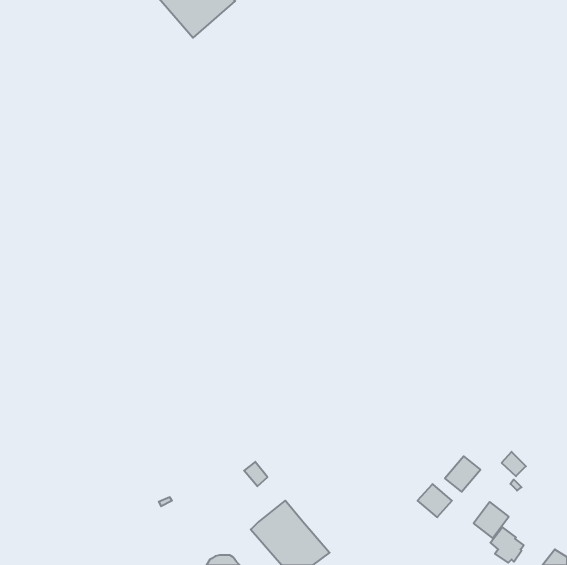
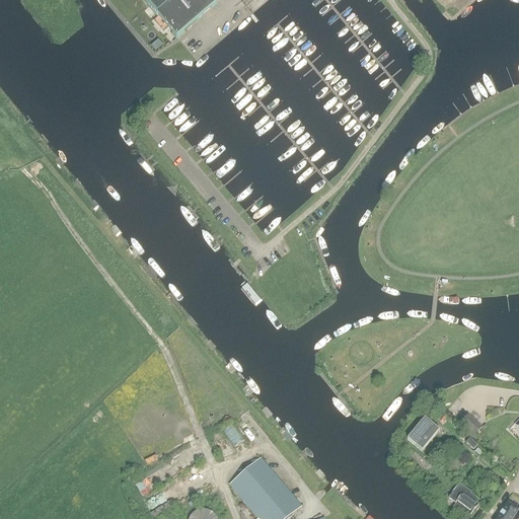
building: [418,484,452,517] -> none
building: [474,502,509,538] -> none

